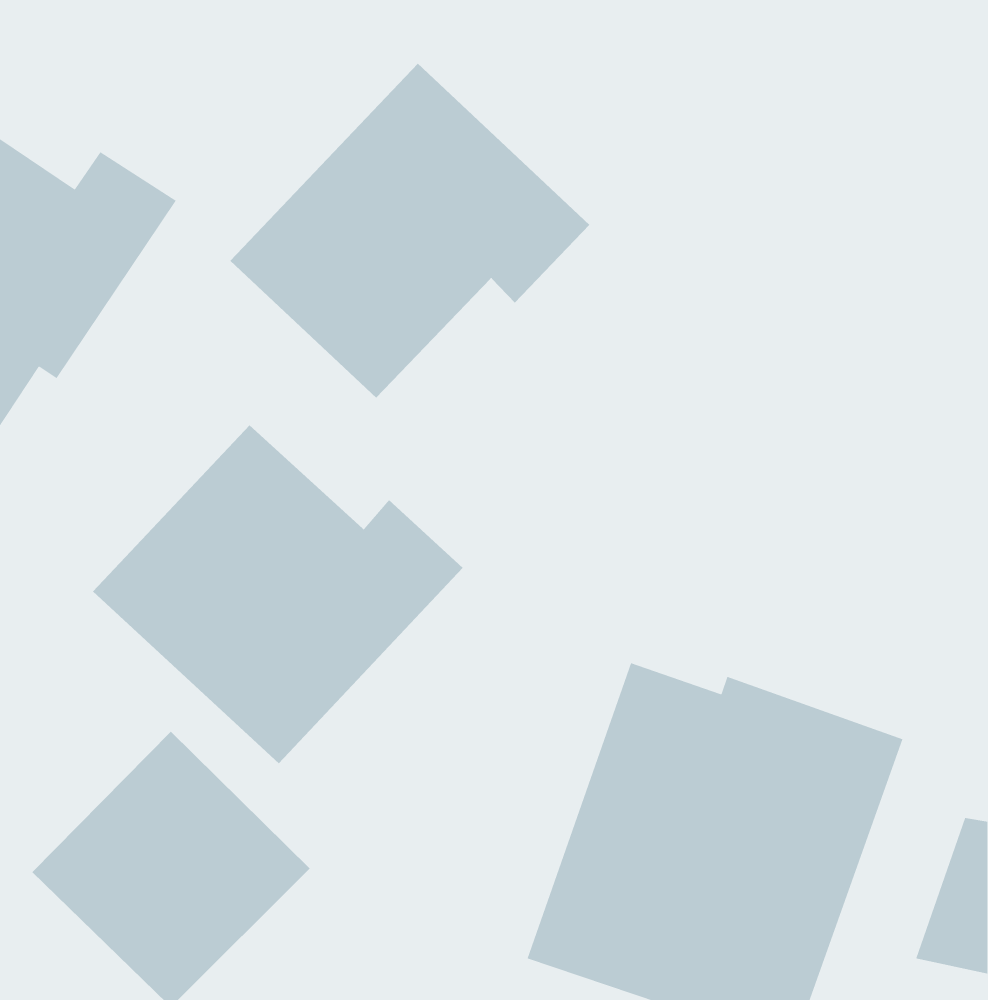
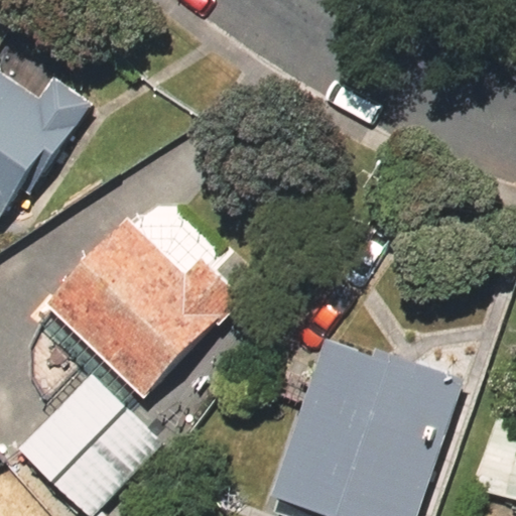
building: [229,63,590,399] -> none

